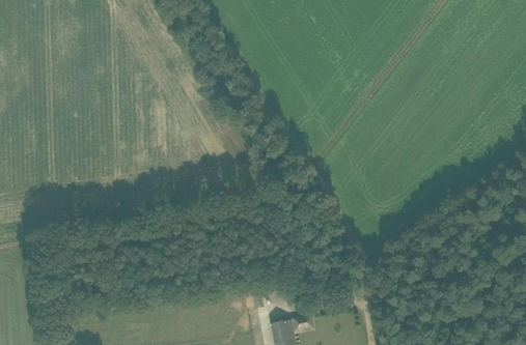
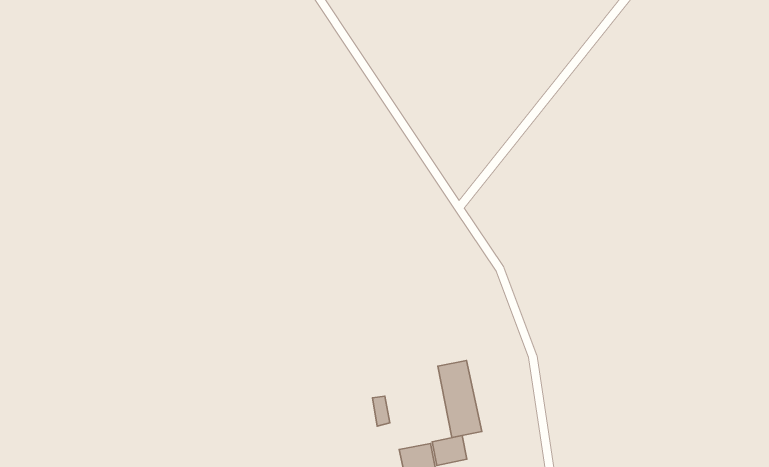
building: none -> [438,360,482,438]

